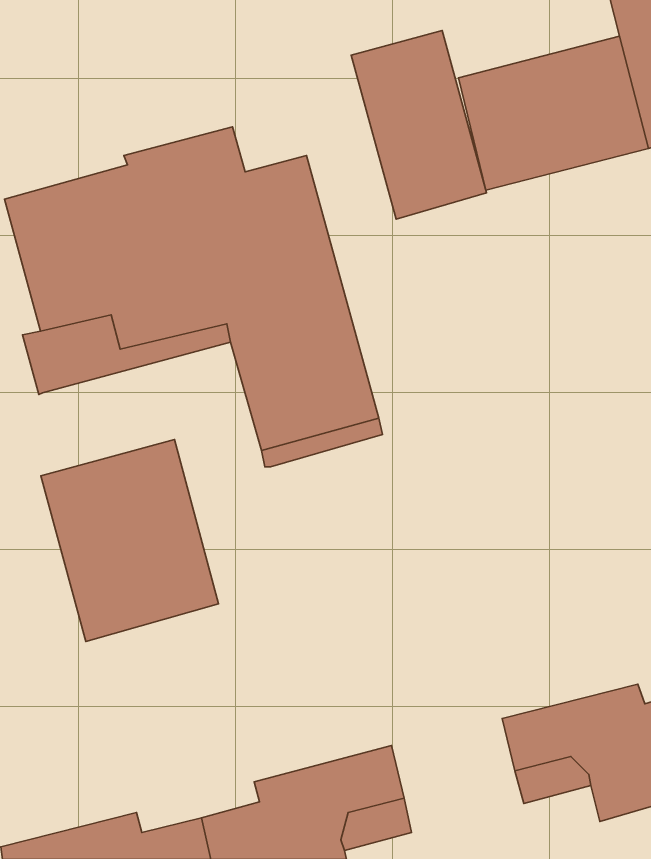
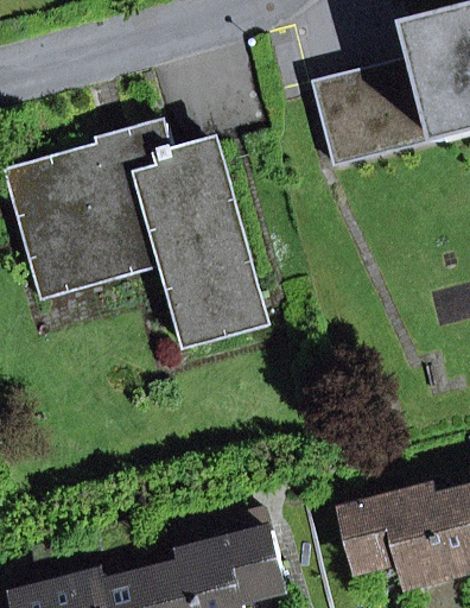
building: [351,30,486,219] -> none
building: [41,440,219,641] -> none

